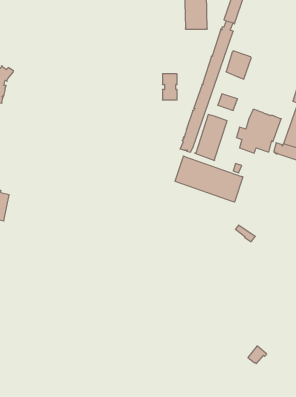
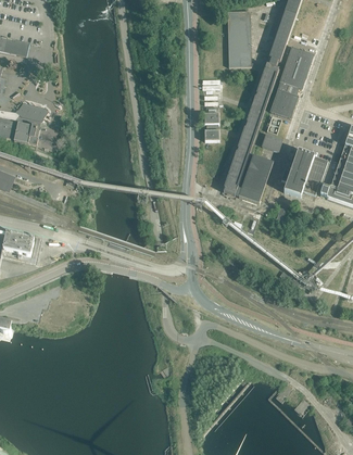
building: none -> [277,47,313,94]
building: [175,156,243,202] -> none

